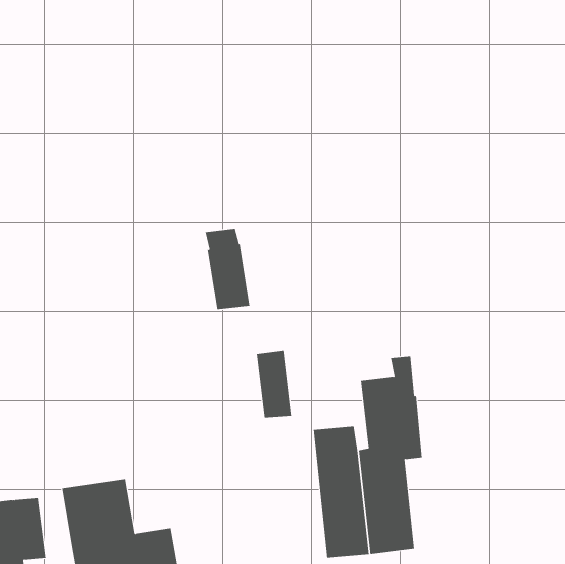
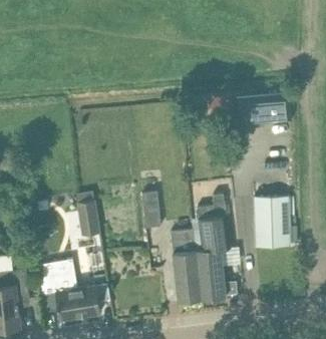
building: none -> [236,94,291,126]
building: [205,229,250,310] -> [76,193,100,236]
building: none -> [253,197,291,247]

